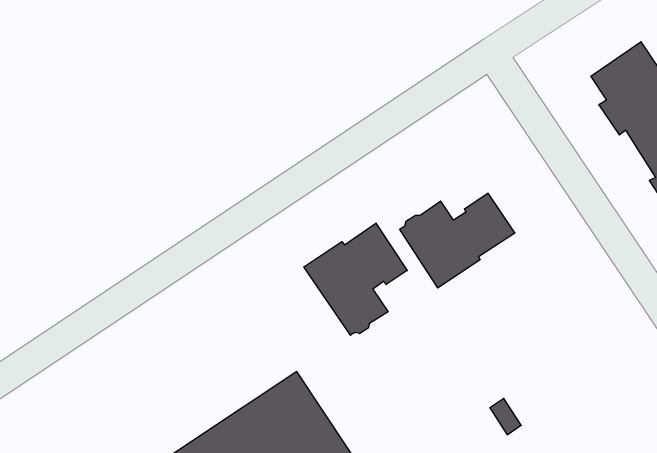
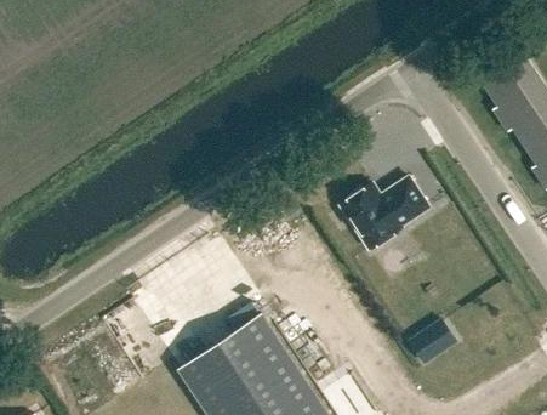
building: [304,223,407,335] -> none

